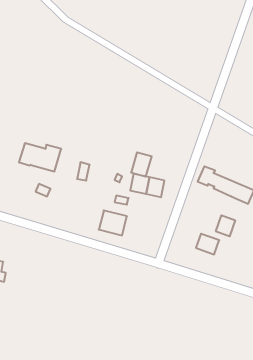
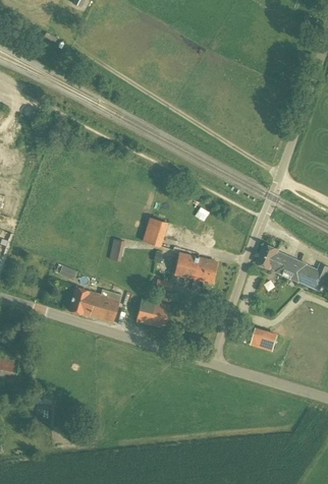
building: [19,143,61,171] -> [68,287,120,321]
building: [131,152,152,177] -> [142,218,167,247]
building: [216,215,235,236] -> none

